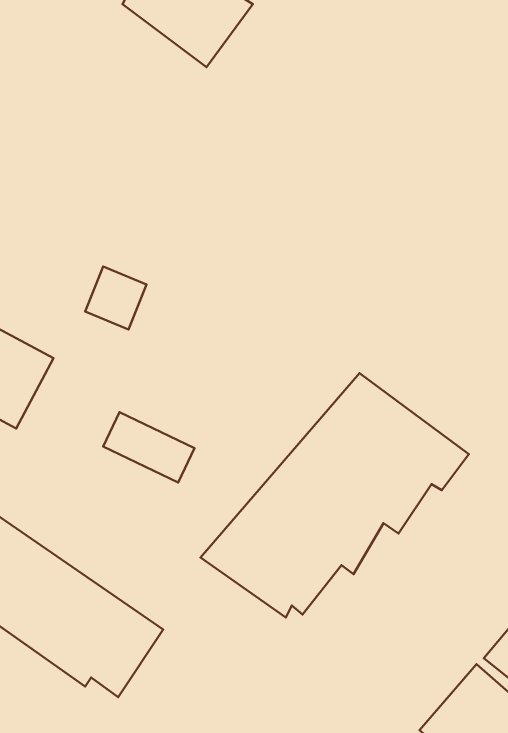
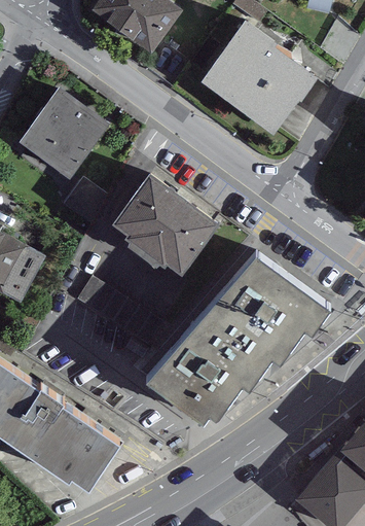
building: none -> [199,19,315,131]
building: none -> [19,85,107,176]
building: none -> [111,169,219,273]

